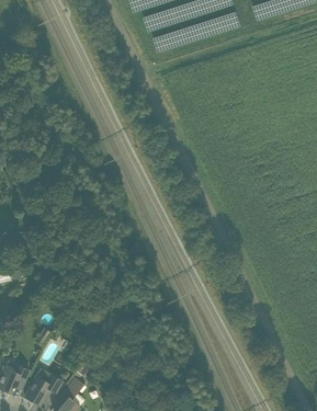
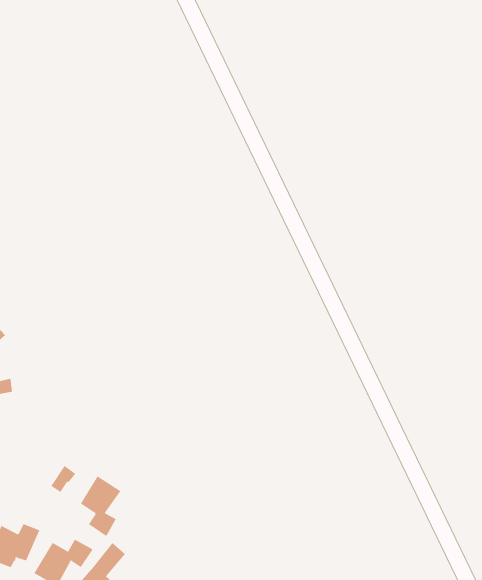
building: none -> [80,475,121,537]

